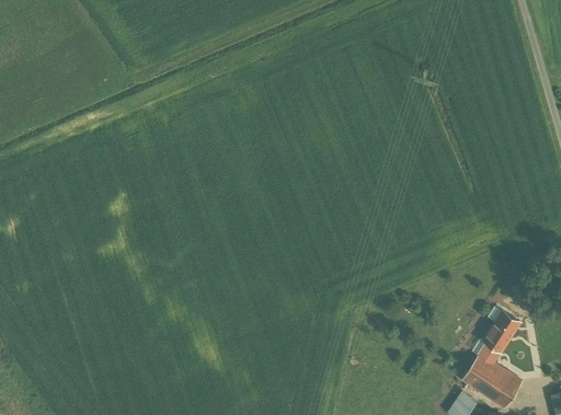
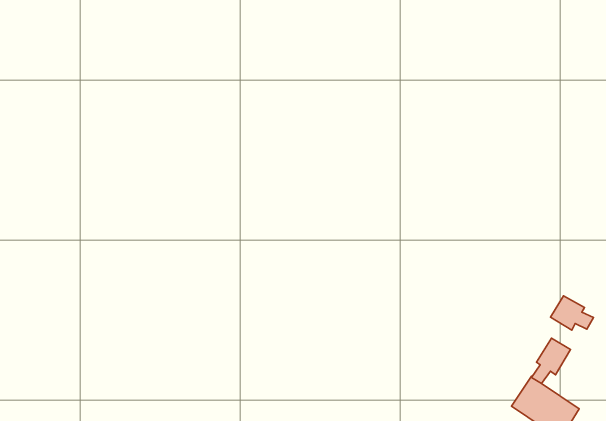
building: none -> [551,296,594,330]

